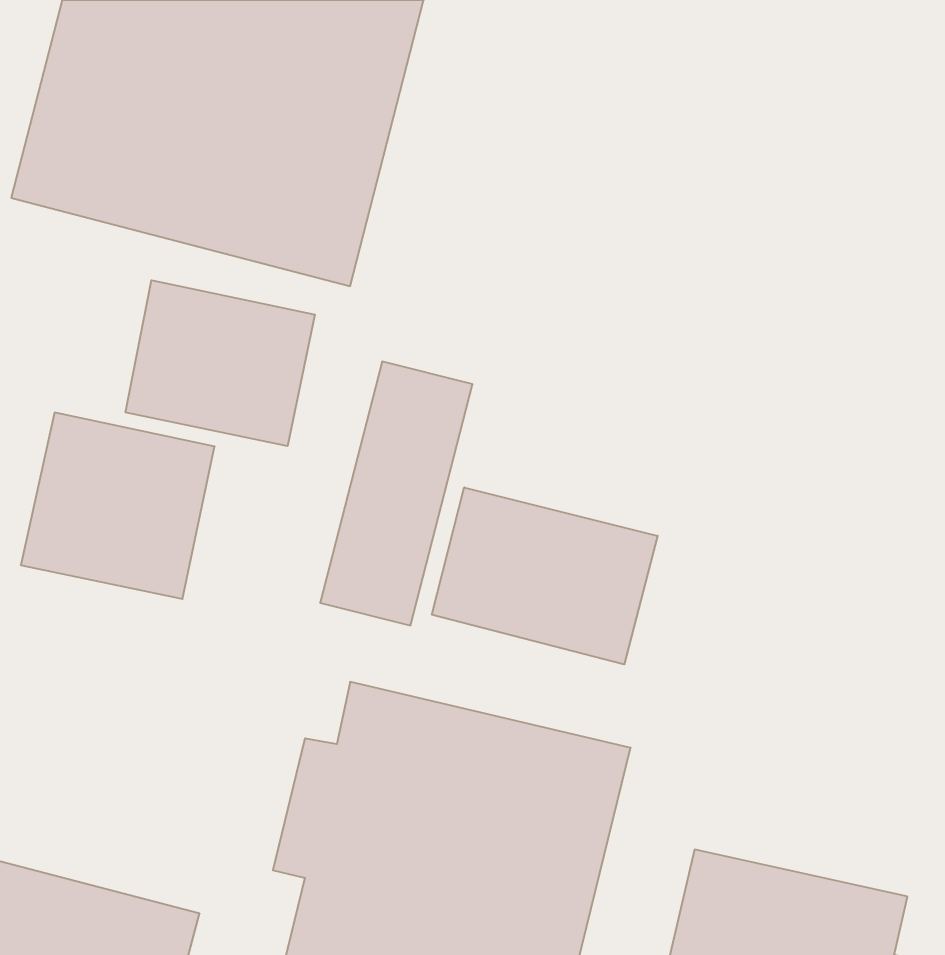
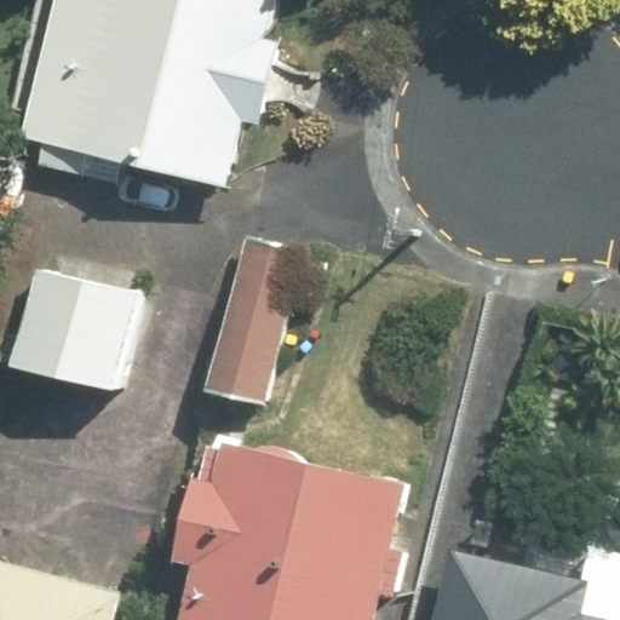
building: [126,280,315,446] -> none
building: [432,487,658,664] -> none

